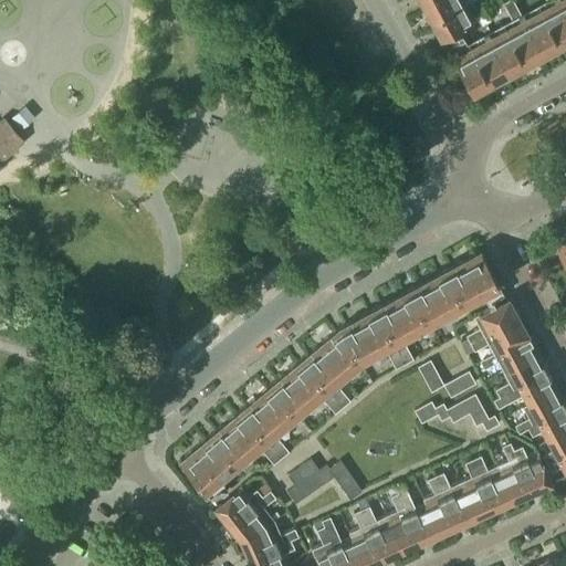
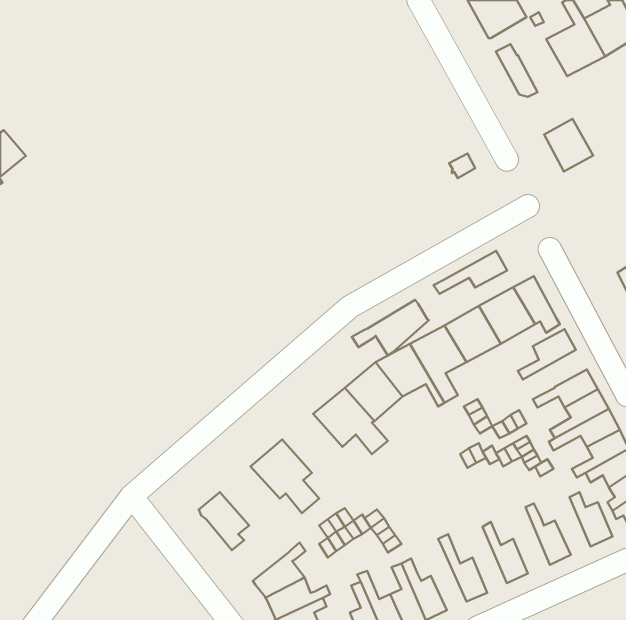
building: [468,42,512,90] -> [544,119,593,171]
building: none -> [352,300,429,356]
building: [463,322,530,360] -> [433,251,507,294]
building: [255,379,310,432] -> none
building: [199,427,253,480] -> none
building: [501,447,533,506] -> none
building: [463,463,496,523] -> none
building: [427,481,458,541] -> none
building: [214,491,263,530] -> none
building: [389,499,421,556] -> none

